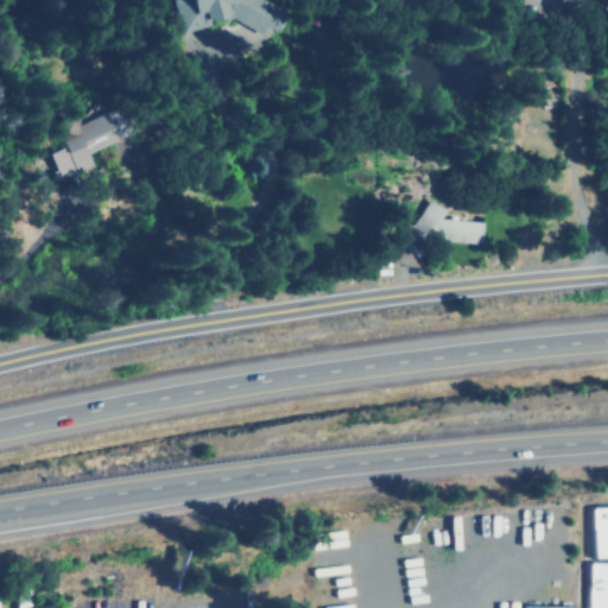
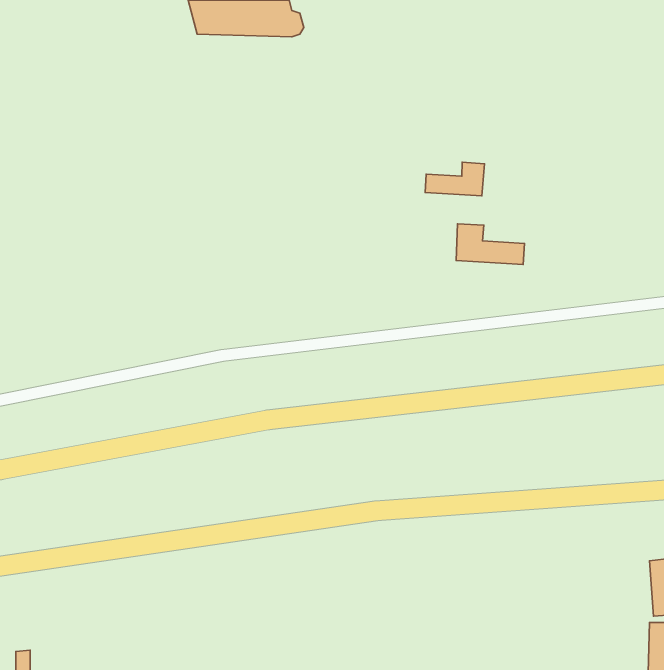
building: [51,109,122,184] -> none
building: none -> [425,162,484,196]

